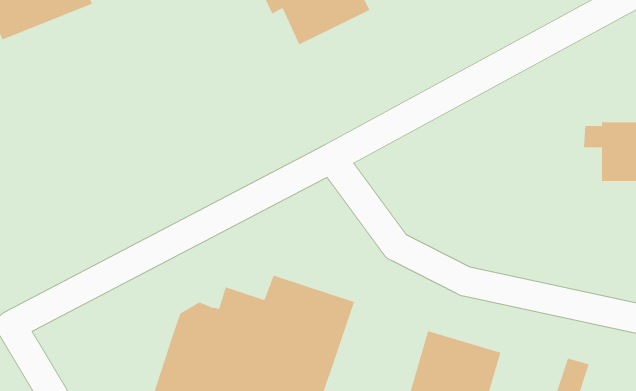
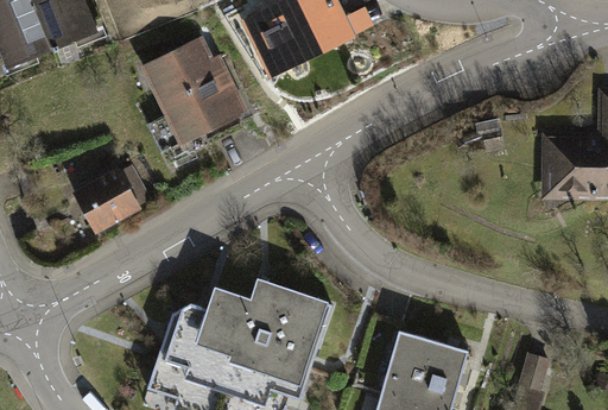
building: none -> [144,37,242,149]
building: none -> [76,165,138,228]

